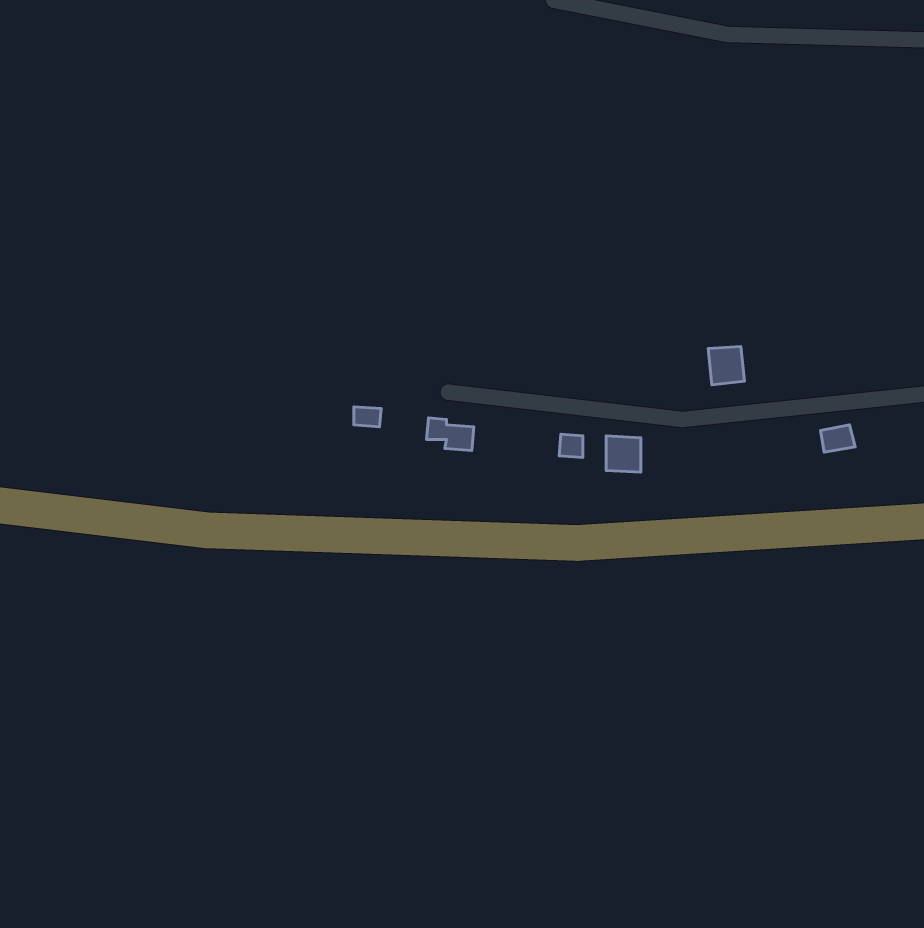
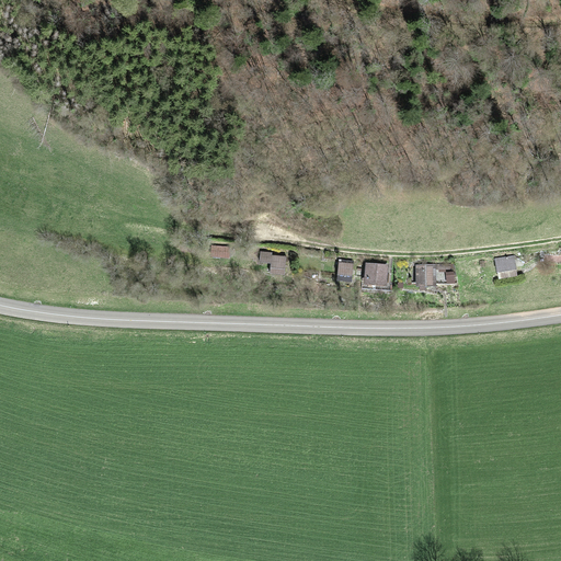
building: [708,347,745,385] -> [415,264,437,287]

